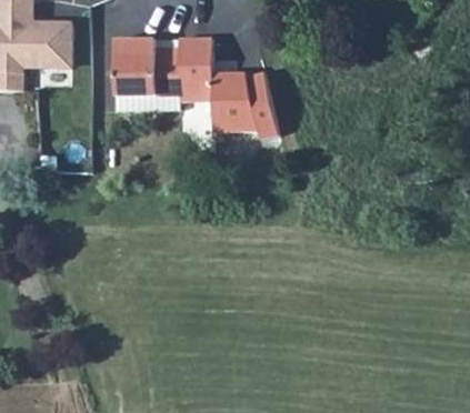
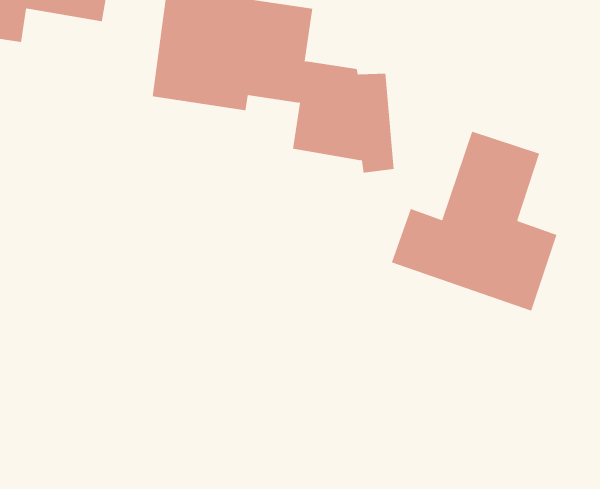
building: none -> [391,131,557,311]

